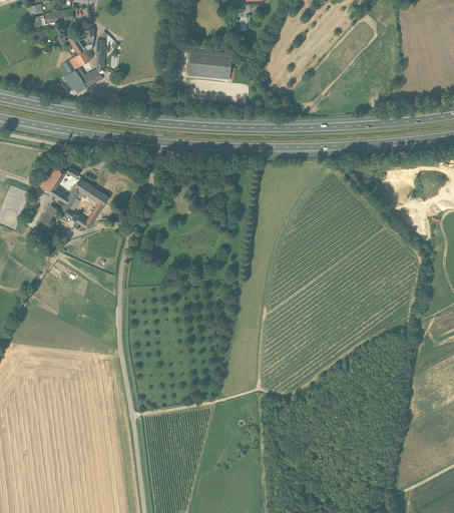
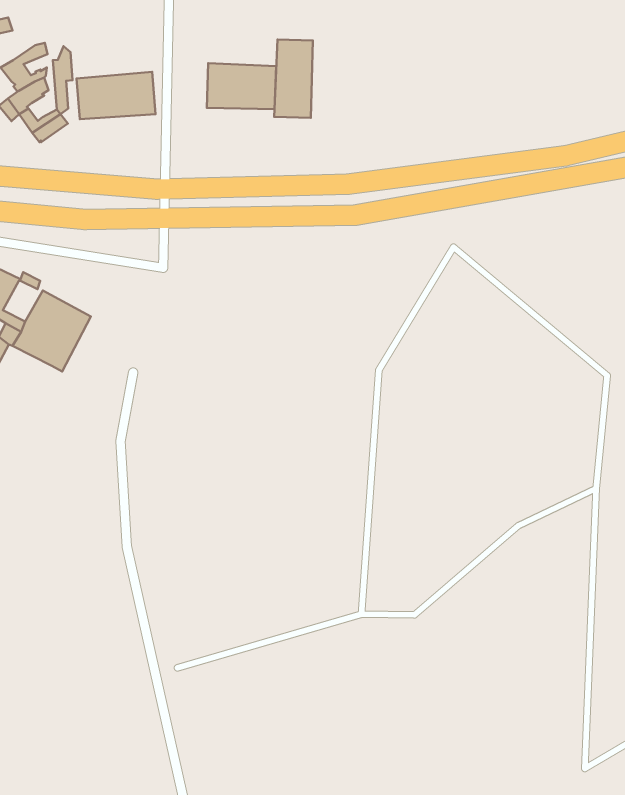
building: none -> [274,40,313,118]
building: none -> [76,72,156,119]

